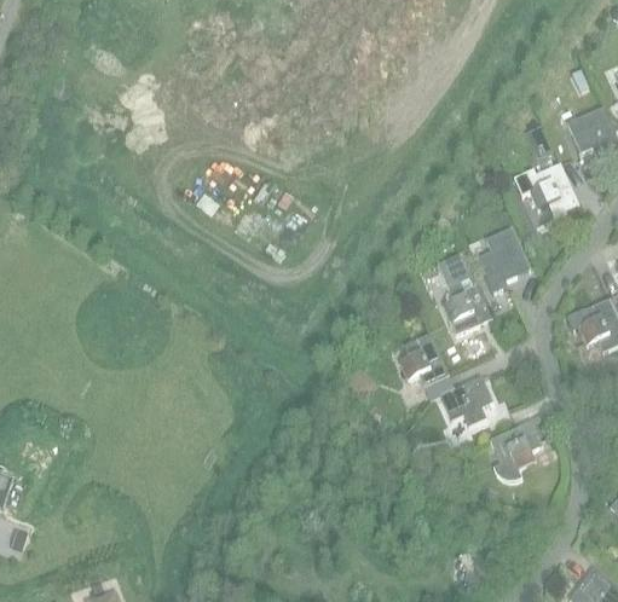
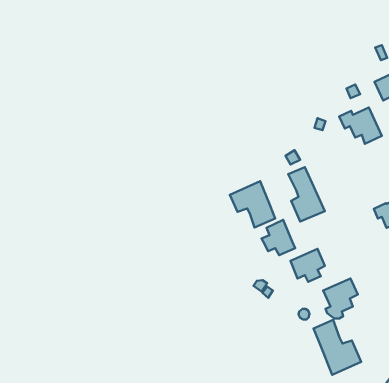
building: [478,228,529,293] -> none
building: none -> [230,181,275,228]
building: none -> [314,320,361,375]

